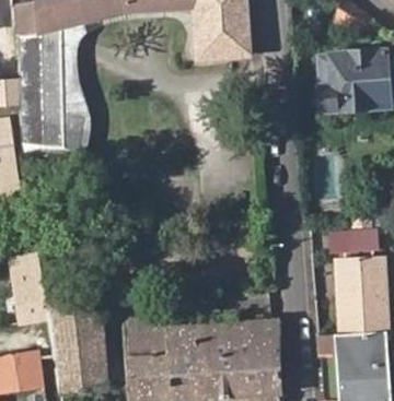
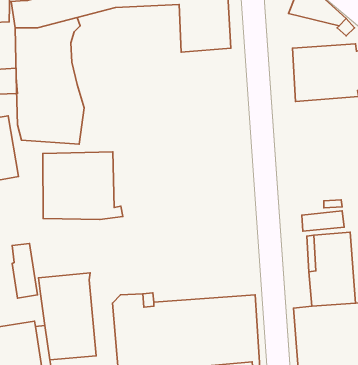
building: none -> [43,152,123,220]

